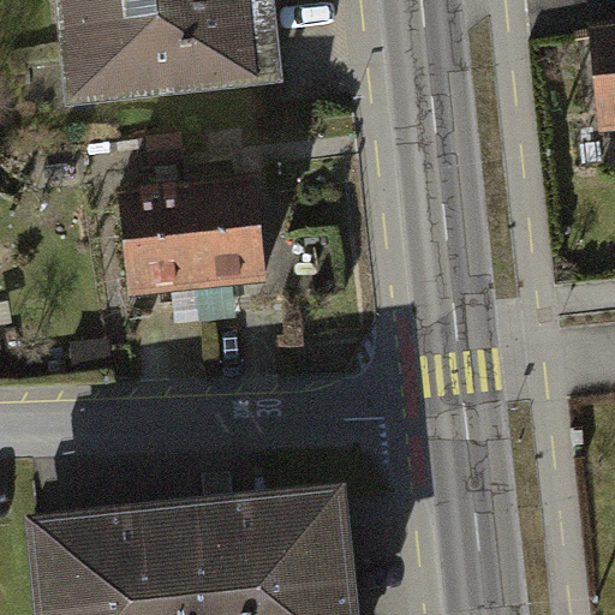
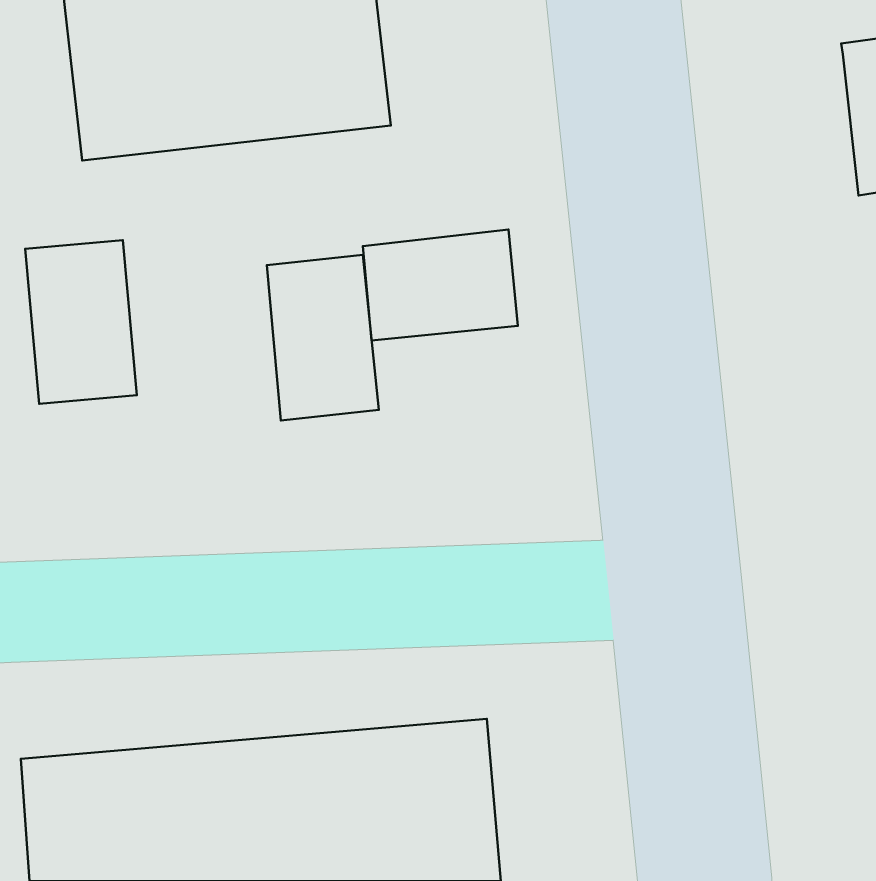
building: none -> [363,230,518,341]
building: [127,183,204,295] -> [25,240,137,404]

